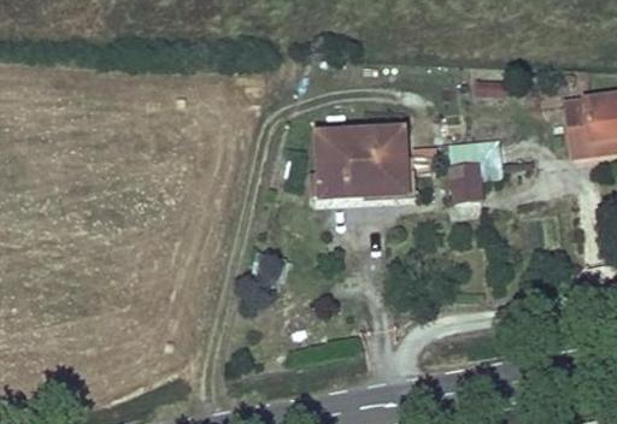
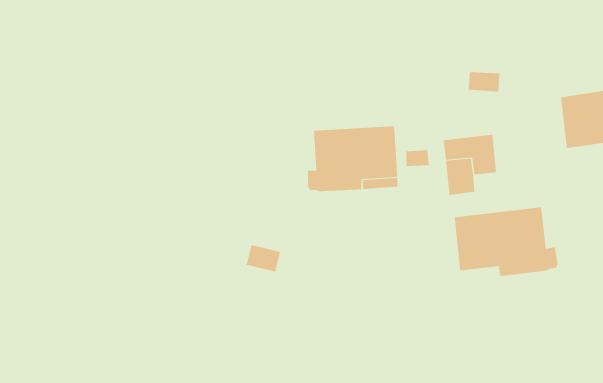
building: none -> [454,207,558,277]

